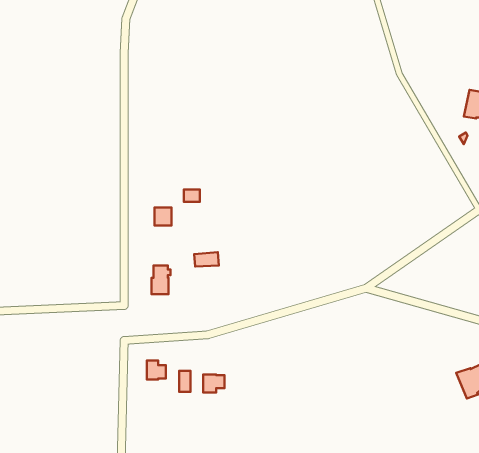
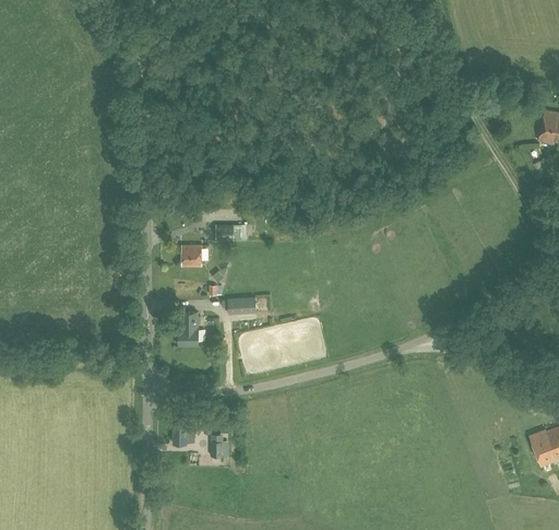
building: [203,374,224,393] -> none

